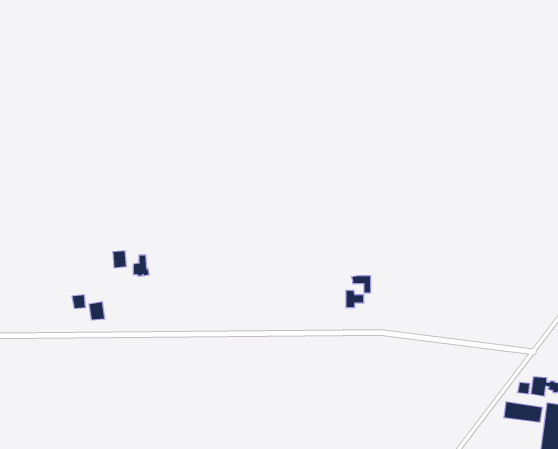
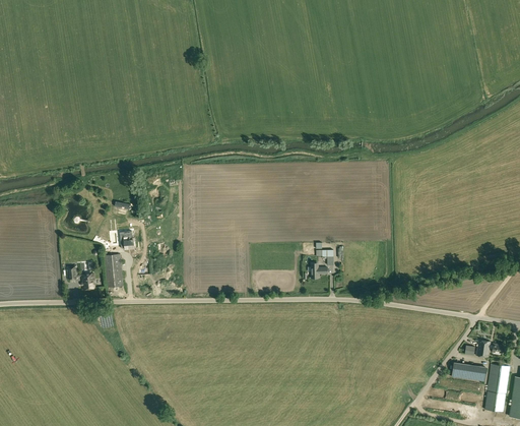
building: none -> [104,253,124,288]

